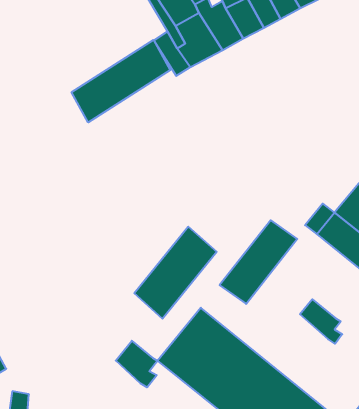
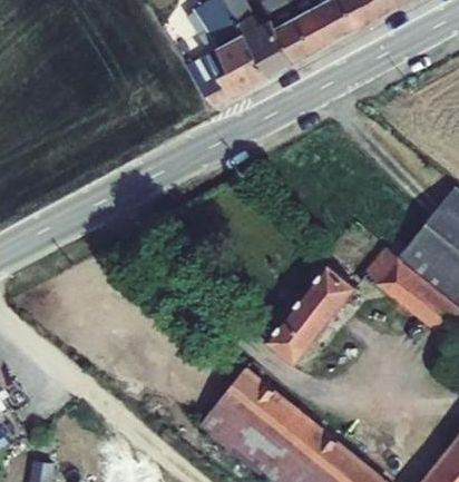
building: [72,40,170,122] -> none
building: [134,227,217,319] -> none
building: [300,299,342,344] -> none
building: [116,341,158,387] -> none

